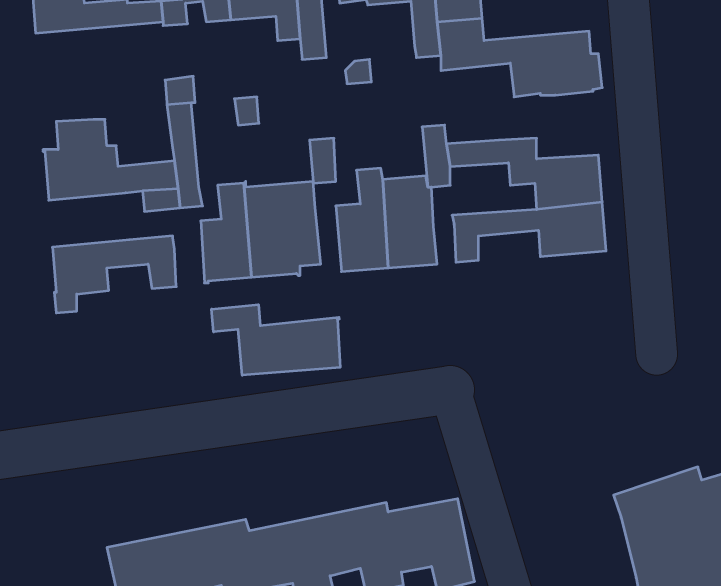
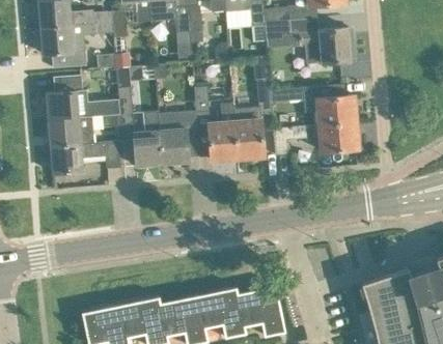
building: none -> [43,23,113,68]
building: none -> [50,117,94,147]
building: [212,305,340,375] -> none

